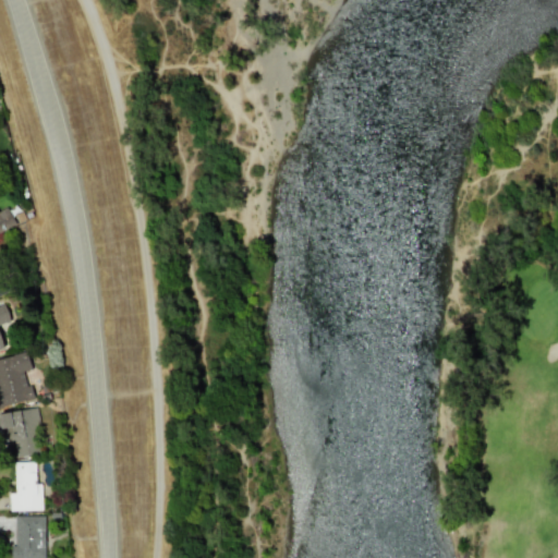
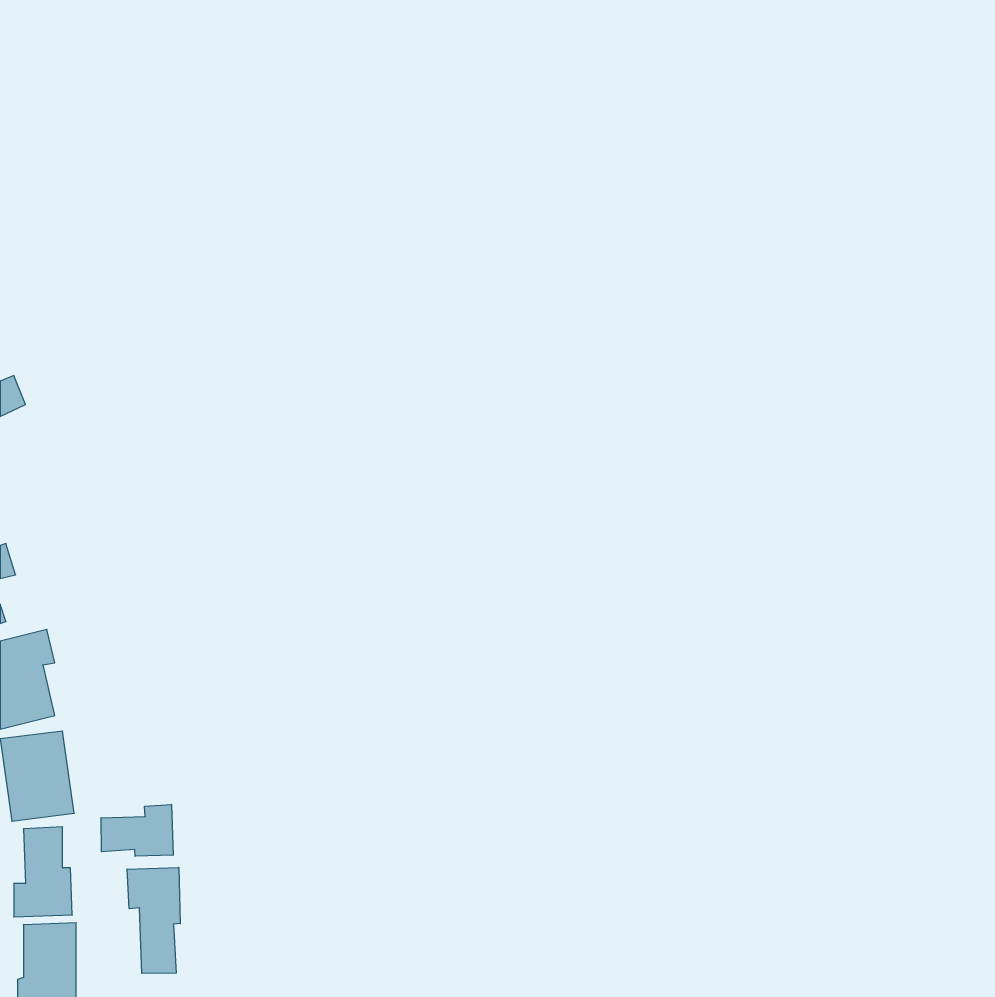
building: none -> [101,804,173,856]
building: none -> [127,867,180,973]

